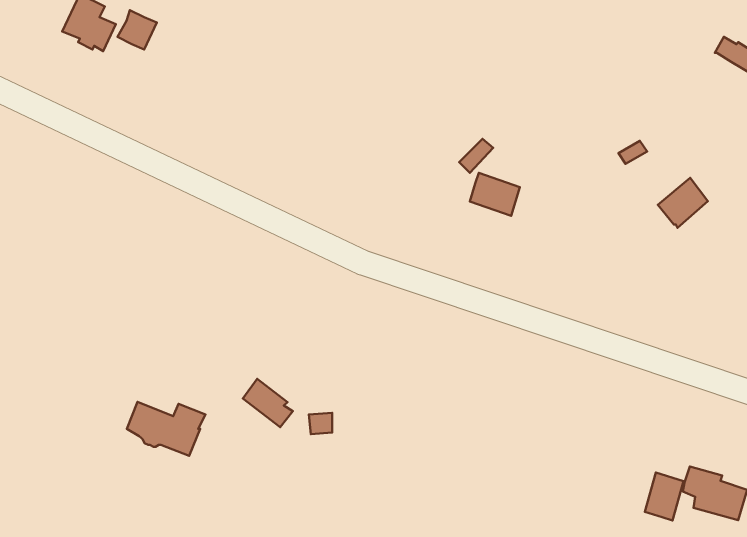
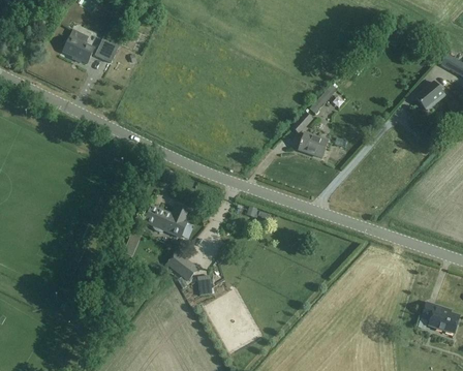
building: [658,178,708,228] -> [414,81,443,110]
building: [127,402,205,456] -> [144,205,189,236]
building: [645,473,683,520] -> none

